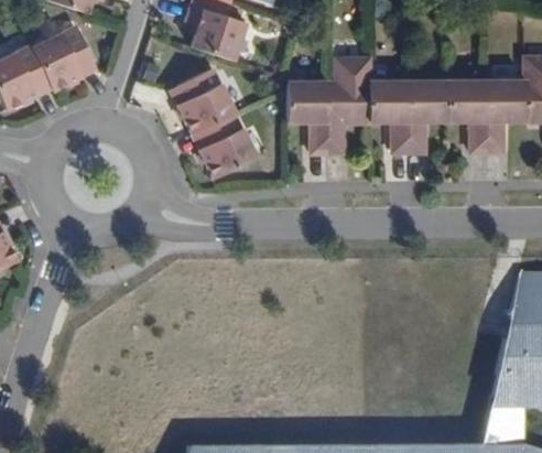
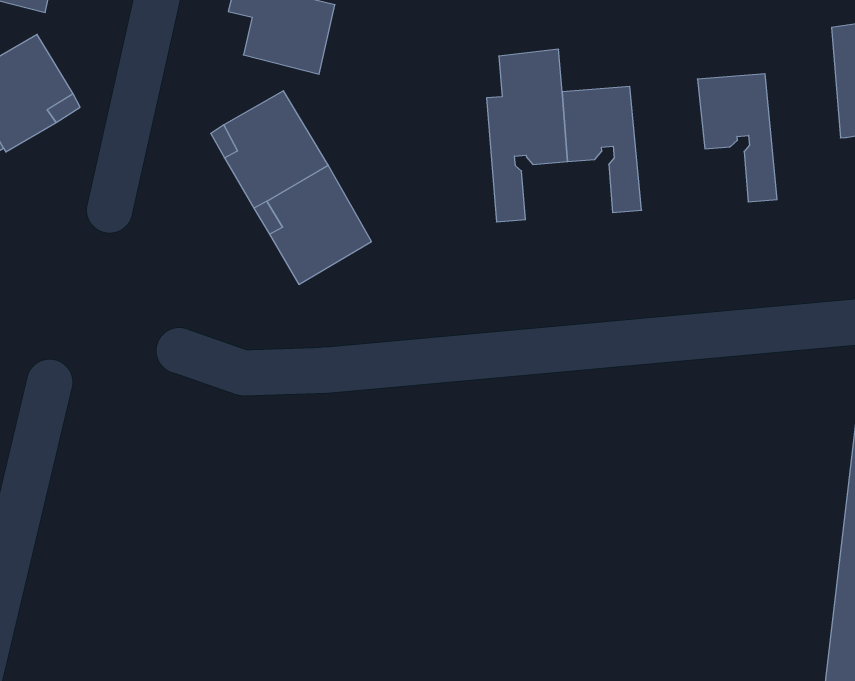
building: [409,80,448,152] -> none
building: [486,80,525,152] -> none
building: [286,82,327,153] -> none

